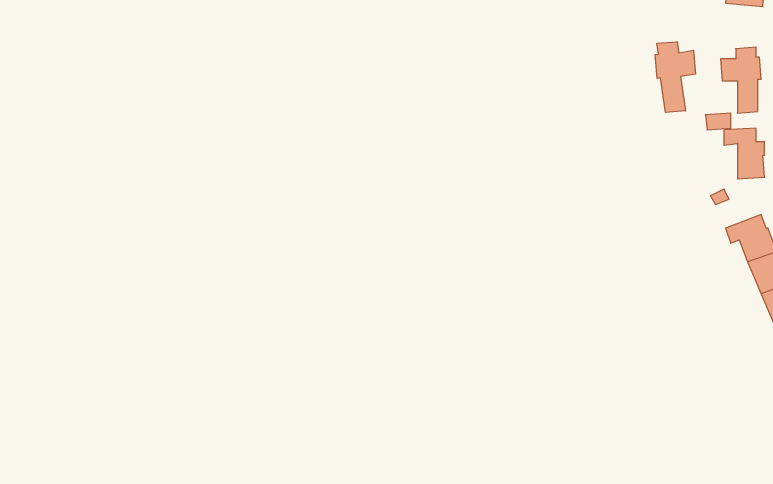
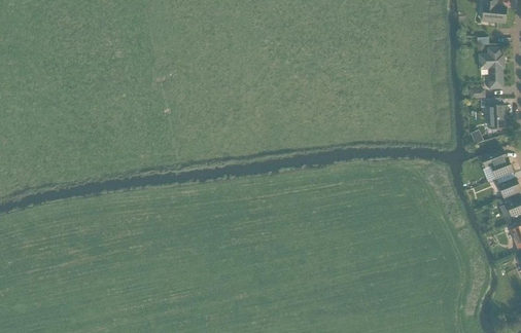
building: [655,42,695,112] -> none

